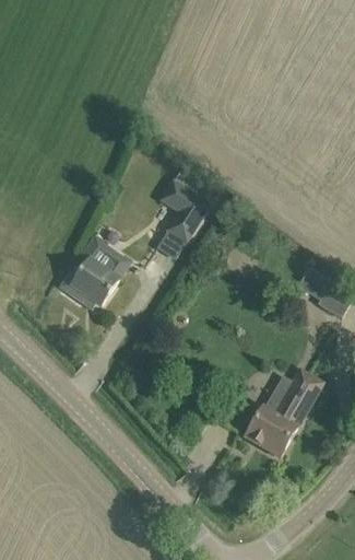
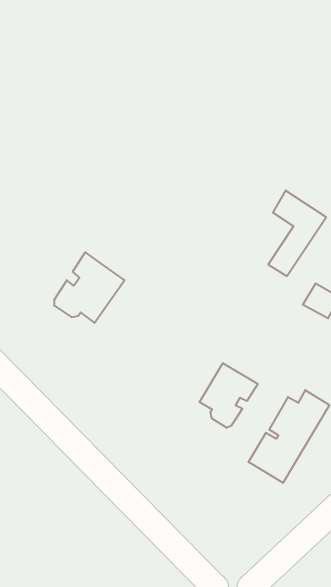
building: [156,178,211,259] -> [268,190,326,276]
building: none -> [200,363,258,428]

